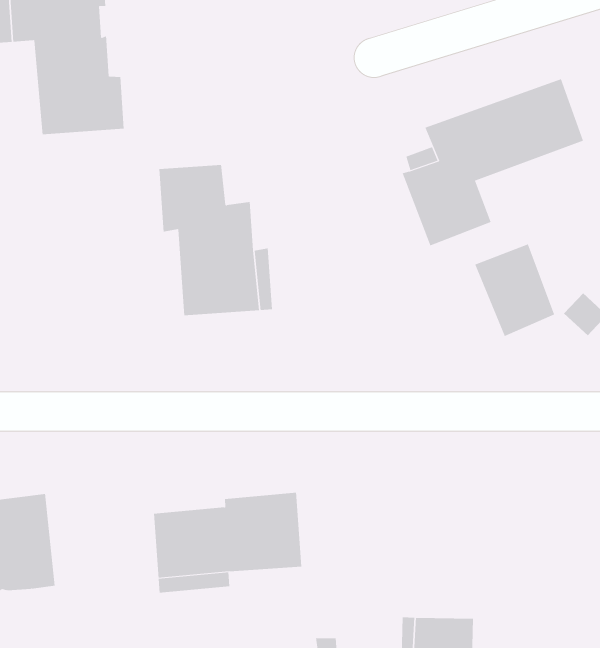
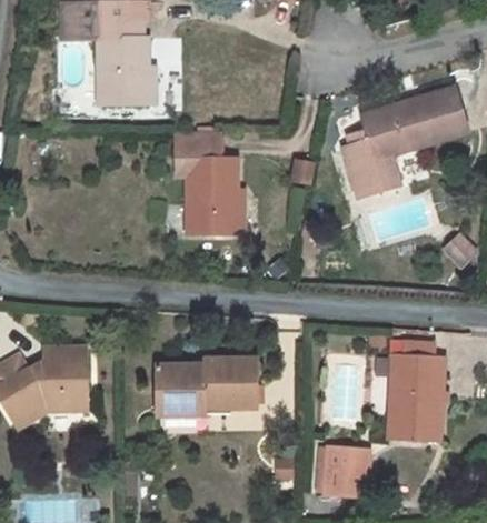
building: [475,243,555,337] -> none
building: none -> [389,355,447,440]

